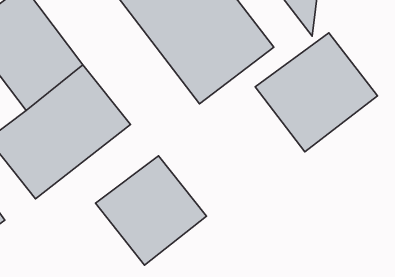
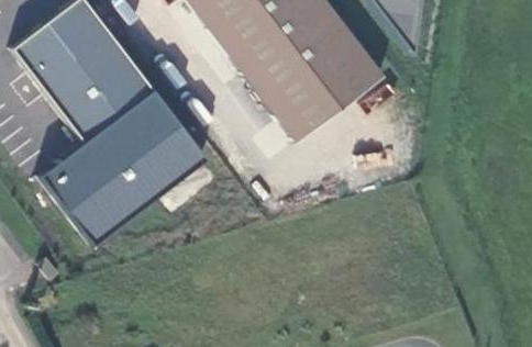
building: [255,33,378,152] -> none
building: [95,156,207,265] -> none

